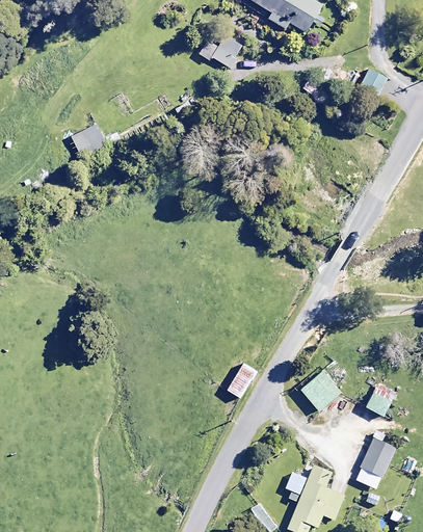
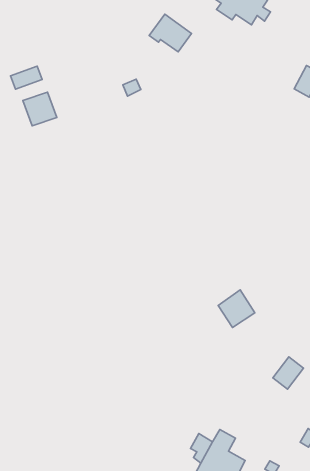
building: none -> [10,66,42,89]
building: [226,363,256,398] -> none
building: [300,369,340,409] -> [218,290,255,327]
building: [360,436,395,476] -> none

